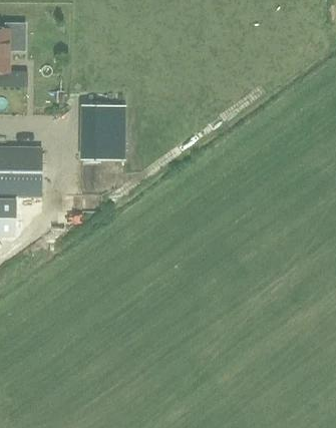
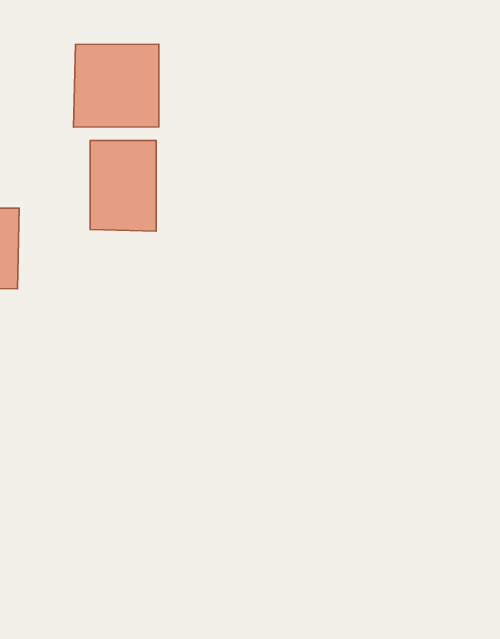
building: none -> [74,44,159,127]

